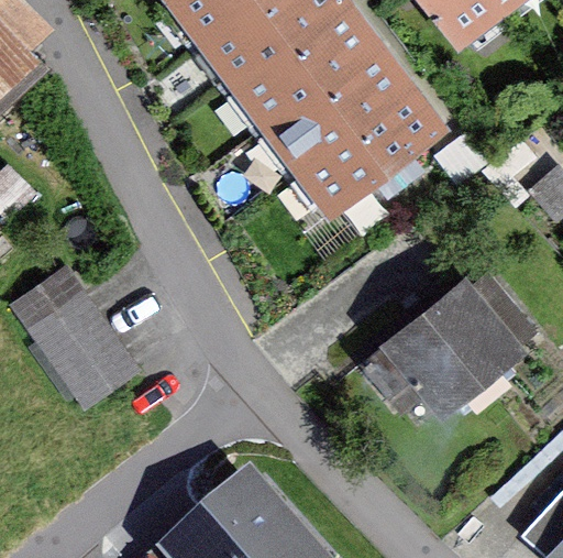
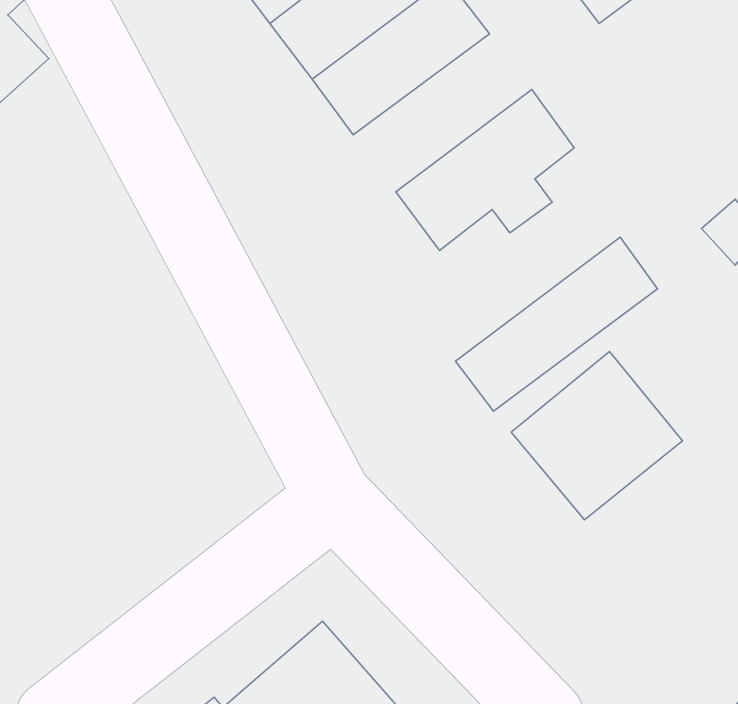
building: [269,43,404,162] -> none
building: none -> [455,237,657,411]
building: [12,265,136,405] -> none

